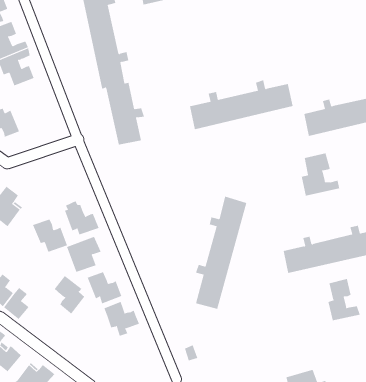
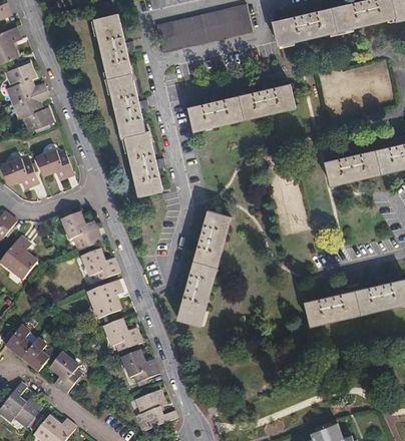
building: [189,80,293,130] -> [188,81,295,132]
building: none -> [36,154,73,182]
building: [301,152,340,197] -> none
building: [195,196,247,309] -> [177,208,231,324]
building: [32,219,68,252] -> [63,216,99,251]
building: [54,275,85,314] -> [48,354,80,394]
building: [328,278,361,321] -> none
building: none -> [134,388,175,428]

